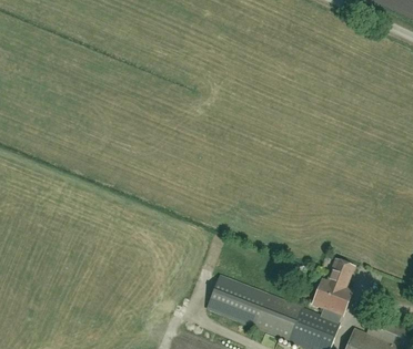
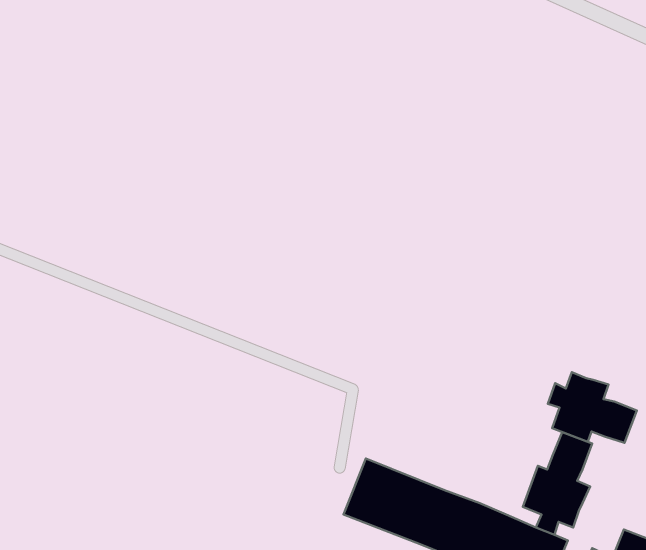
building: none -> [548,372,637,443]

